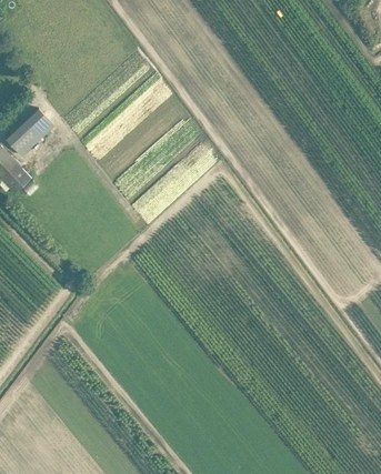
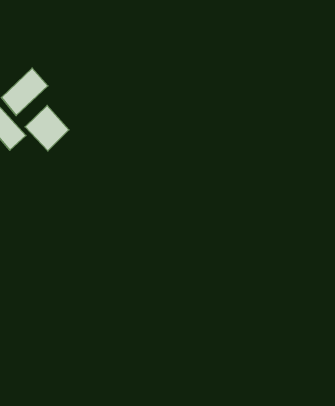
building: none -> [25,105,69,151]

